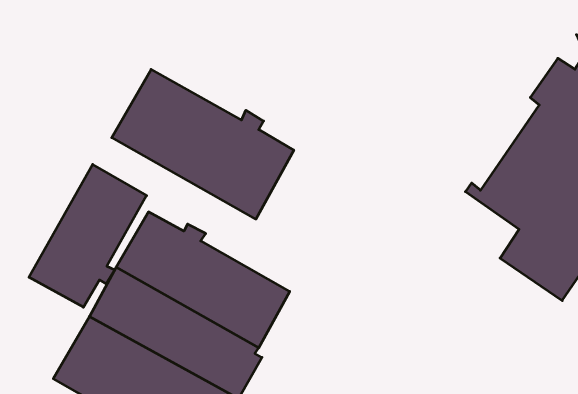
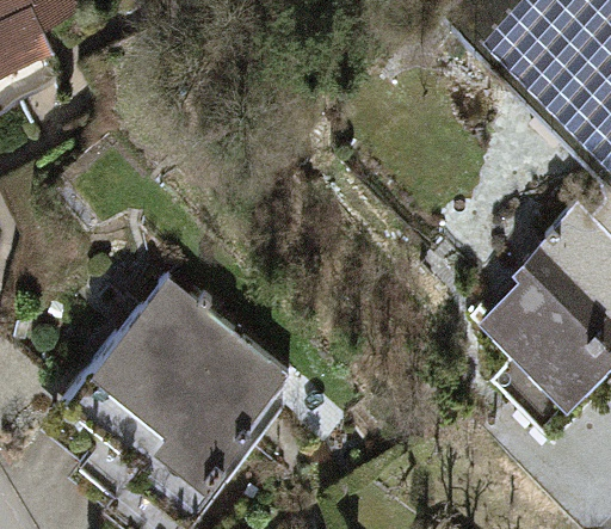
building: [112,69,294,219] -> none
building: [29,164,147,307] -> none

